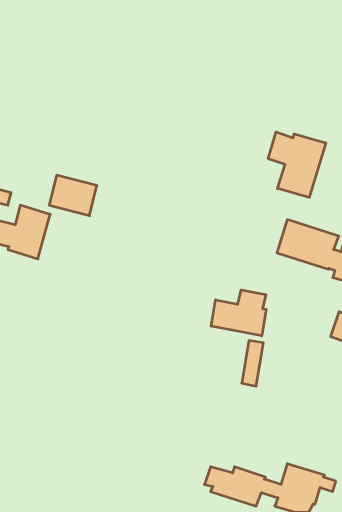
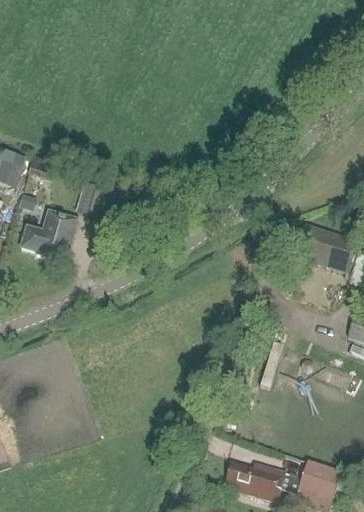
building: [268,132,326,197] -> none
building: [211,290,266,336] -> none

